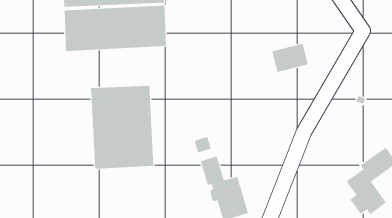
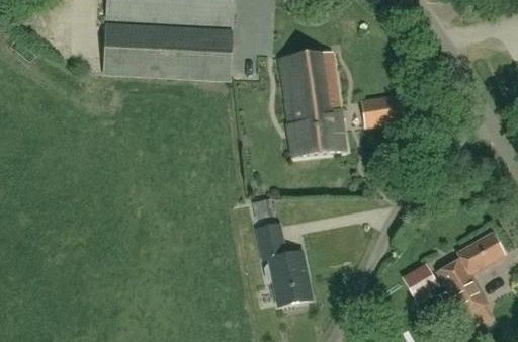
building: none -> [279,51,345,156]
building: [91,85,154,170] -> none
building: none -> [403,264,437,298]

